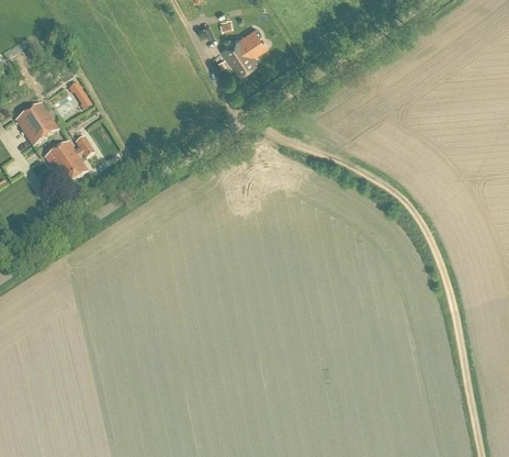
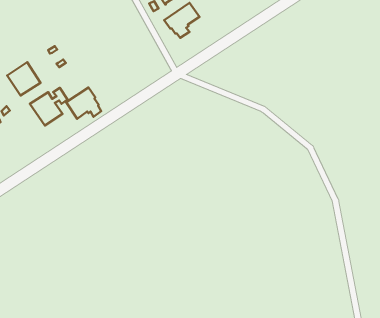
building: none -> [66,88,101,119]

